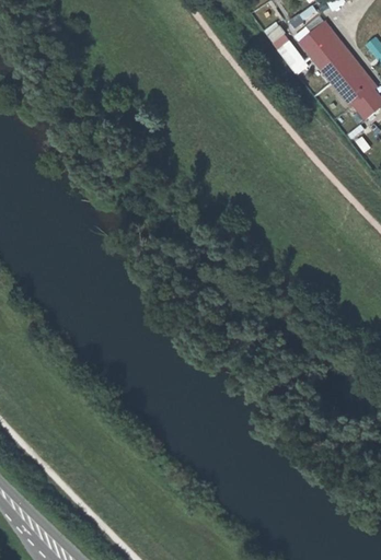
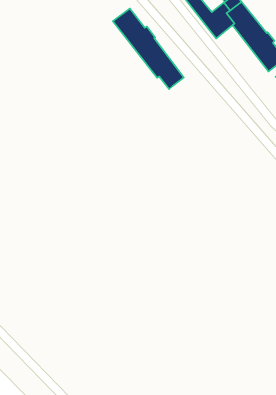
building: none -> [113,8,184,89]

